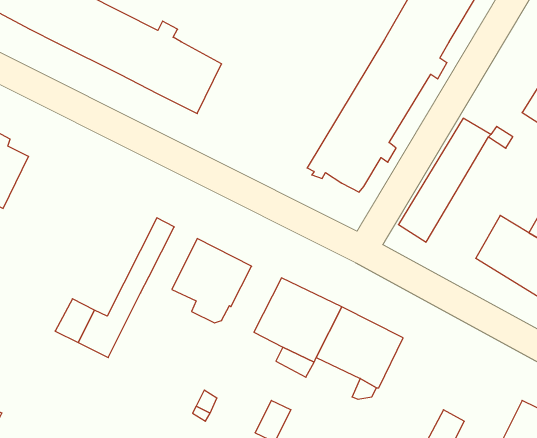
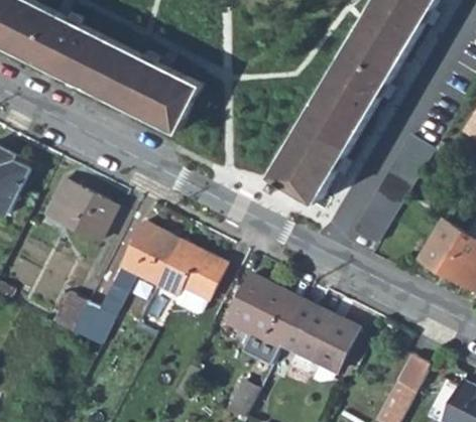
building: none -> [45,179,117,240]
building: none -> [135,230,177,284]
building: none -> [392,355,430,399]

